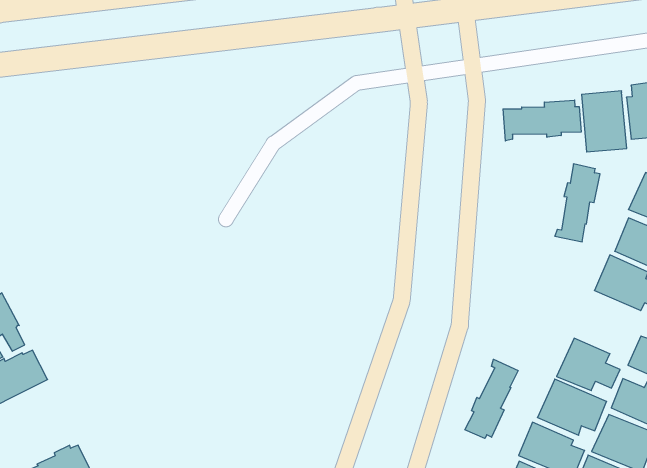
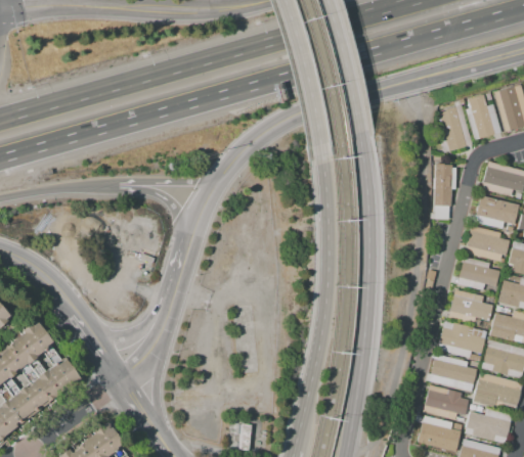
building: [503,100,581,141] -> none
building: none -> [456,257,500,291]
building: [465,359,518,438] -> none

